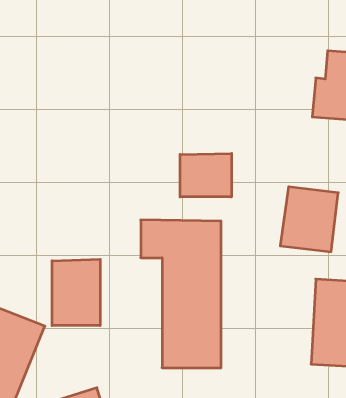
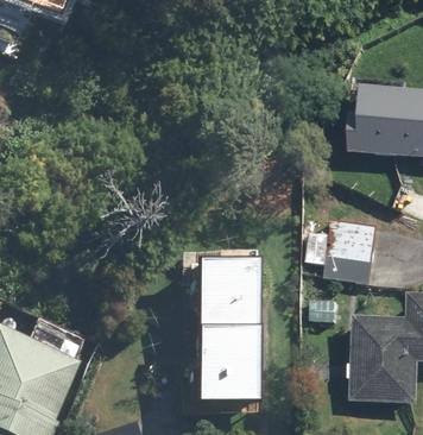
building: [180,153,232,197] -> none
building: [52,259,100,326] -> none

